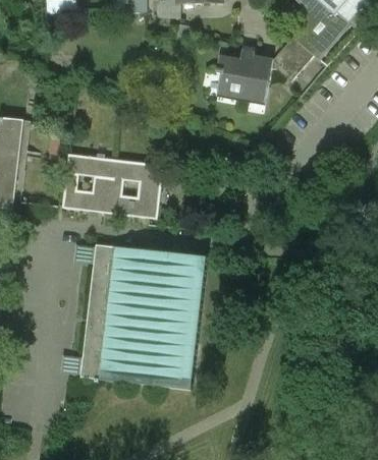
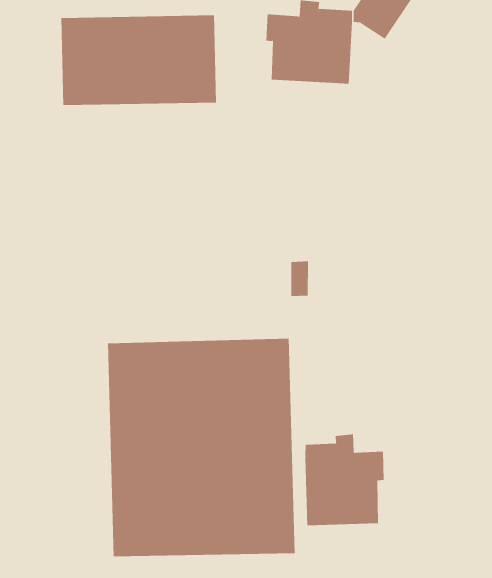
building: [62,153,163,218] -> [60,15,217,105]
building: none -> [305,434,384,526]

